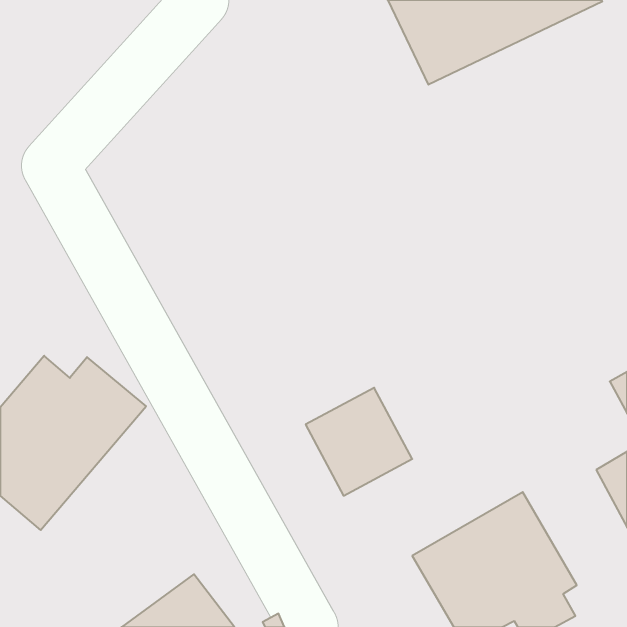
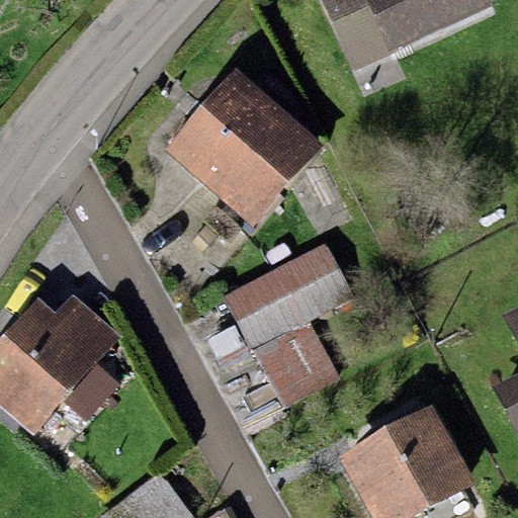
building: none -> [165,68,325,225]
building: none -> [223,243,353,348]

